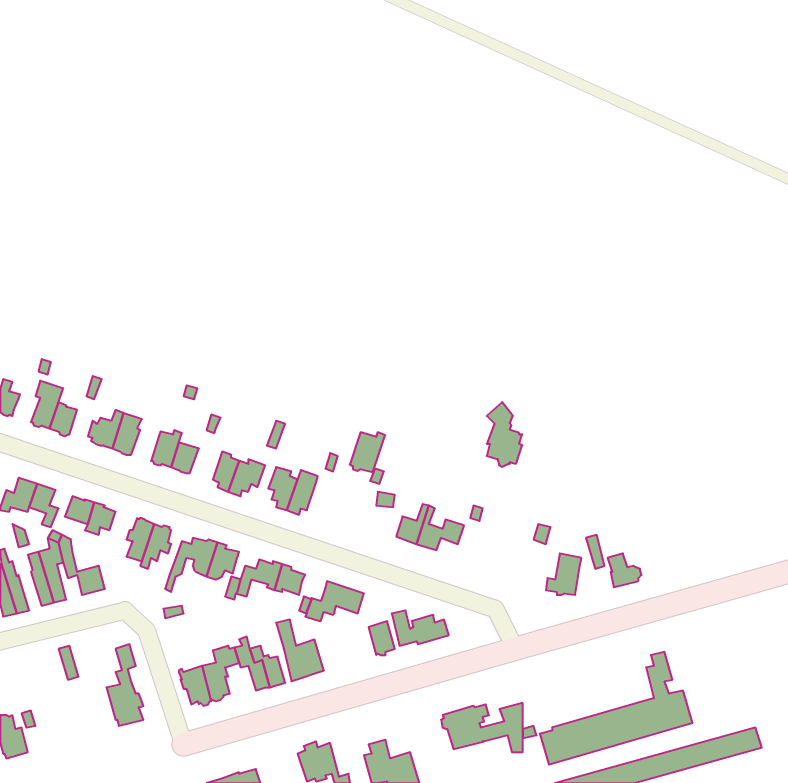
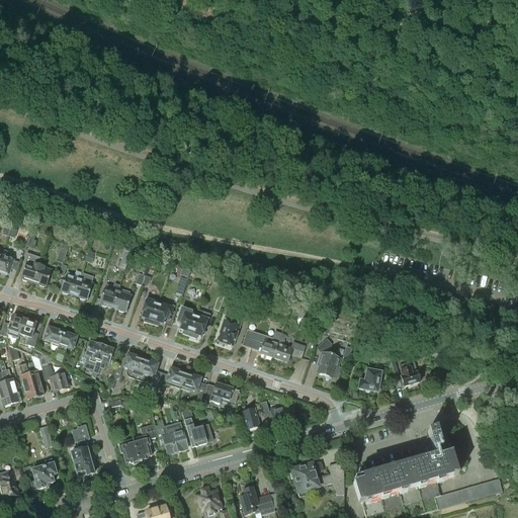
building: [487,402,522,467] -> [317,337,340,379]
building: [350,432,385,472] -> [217,319,240,345]
building: none -> [30,457,56,489]

